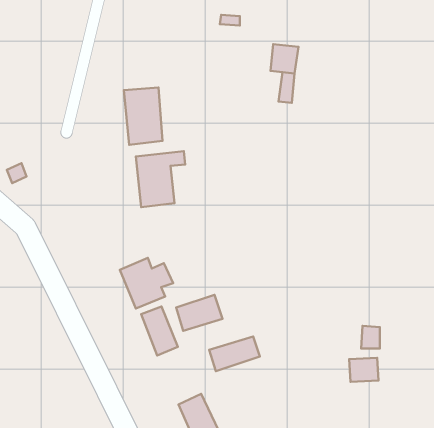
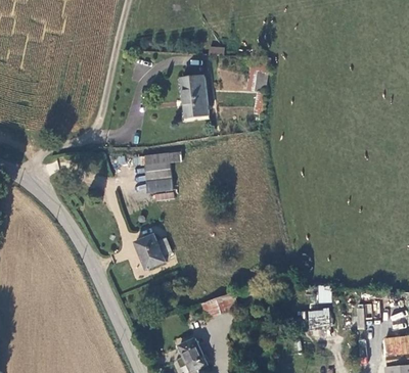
building: [124,87,163,145] -> [179,79,209,123]
building: [176,295,223,331] -> none
building: [141,307,178,355] -> none

